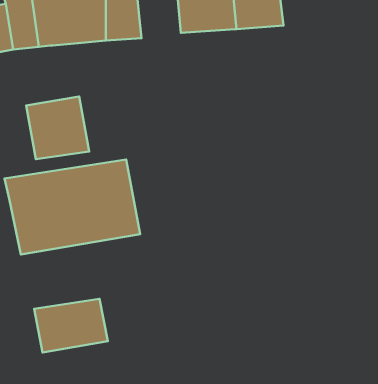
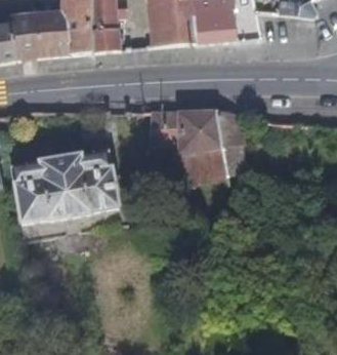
building: [26,96,89,159] -> none
building: none -> [151,109,247,184]
building: [34,299,108,352] -> none

